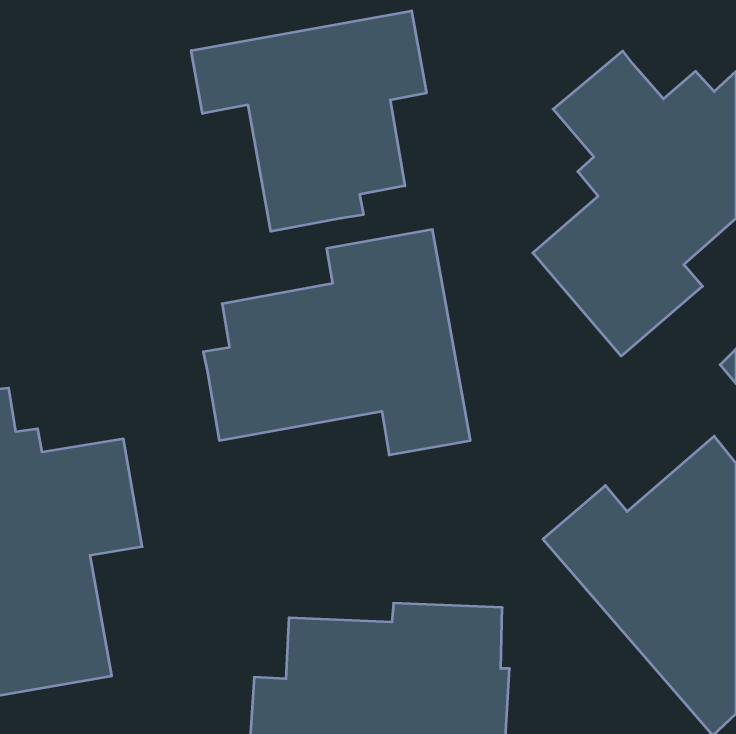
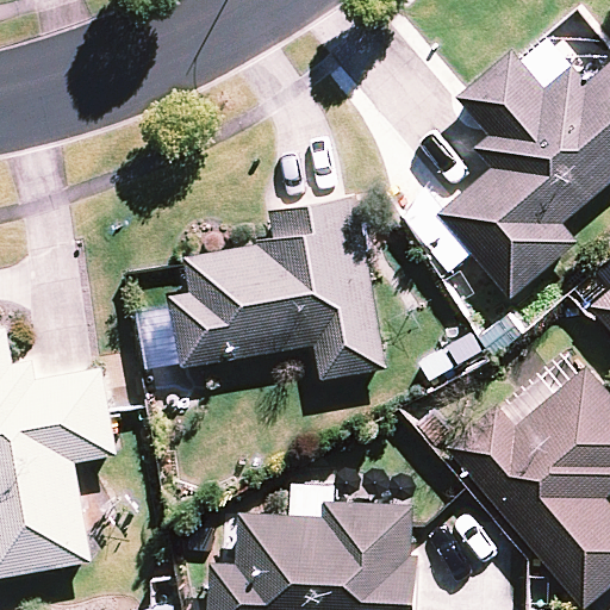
building: [191,11,426,231] -> none

